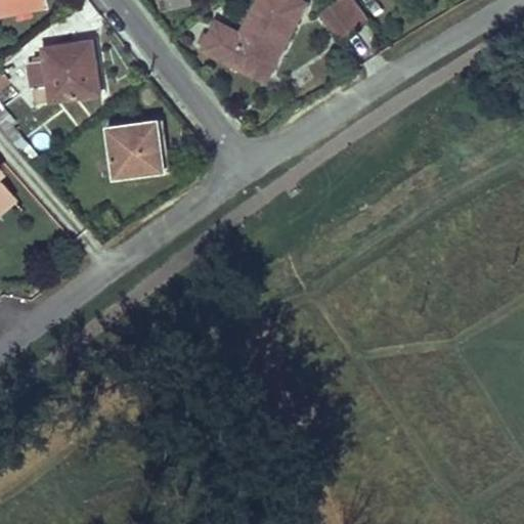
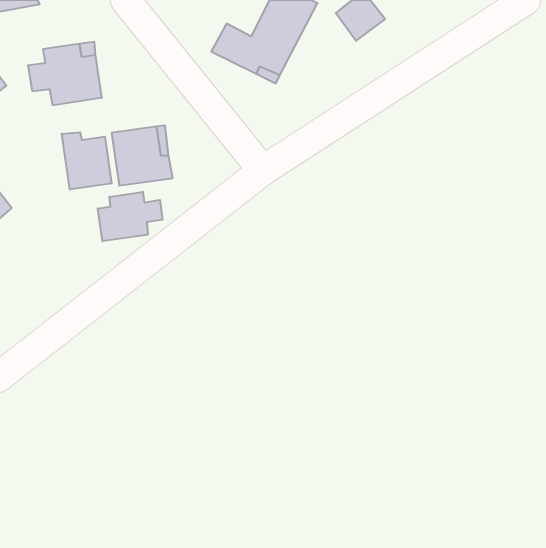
building: none -> [62,132,112,190]
building: none -> [98,192,162,241]

